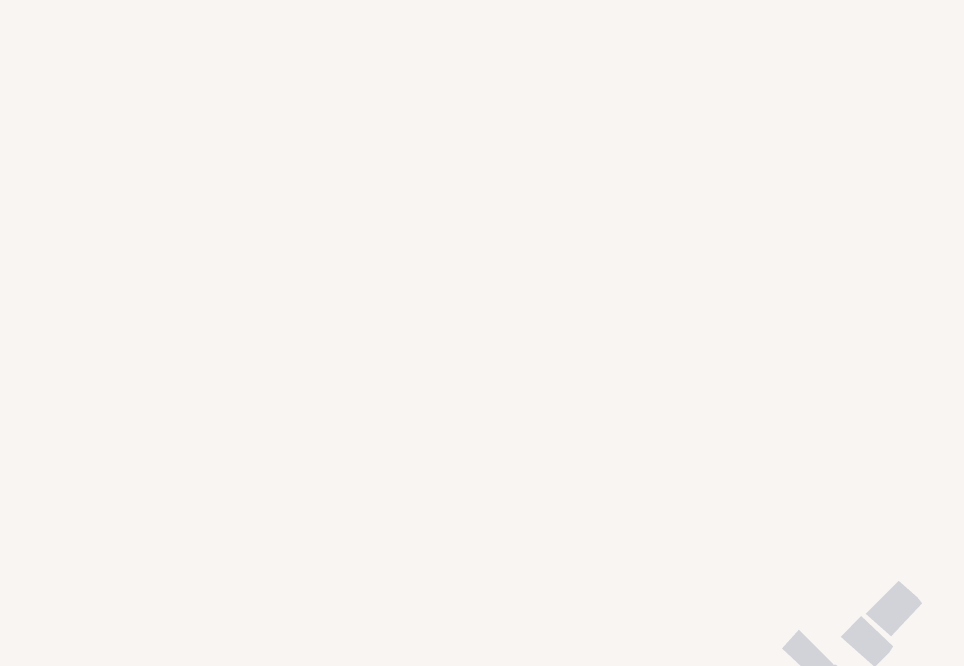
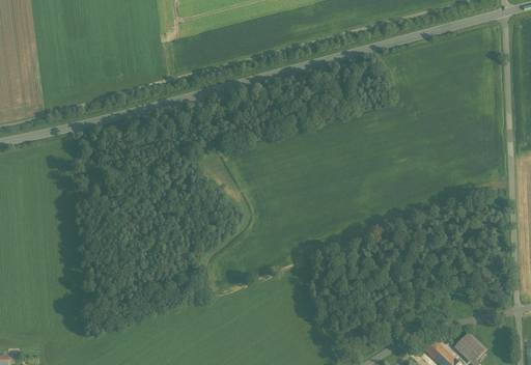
building: [865,580,923,637] -> none

